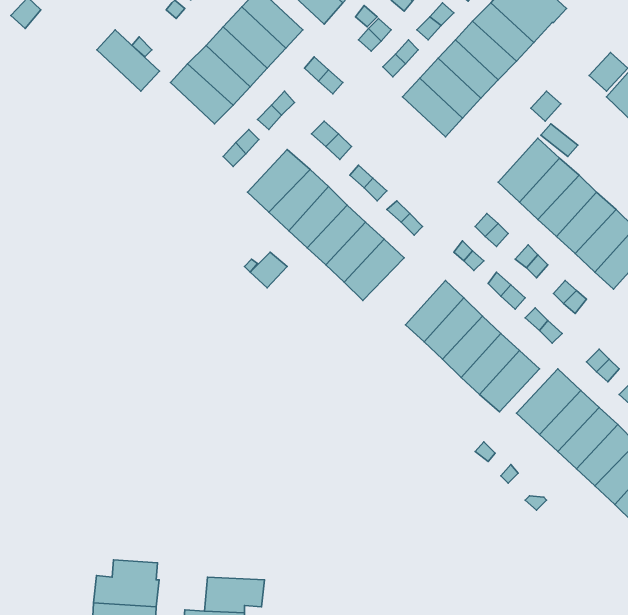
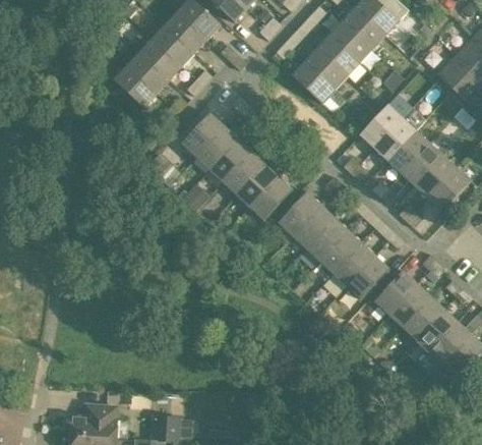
building: [97,30,159,91] -> [112,64,157,108]
building: none -> [277,191,321,237]

